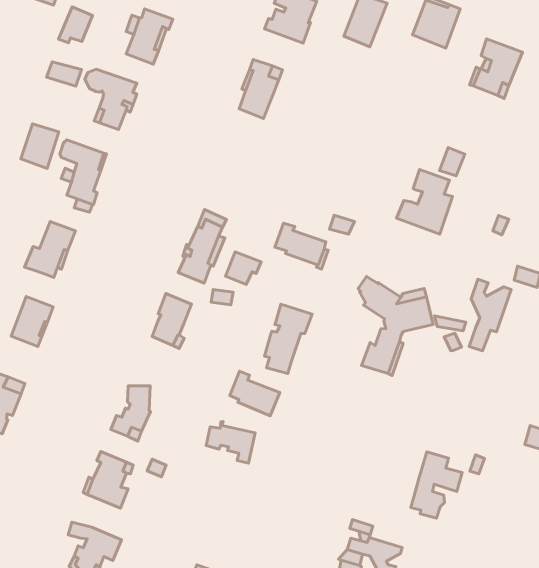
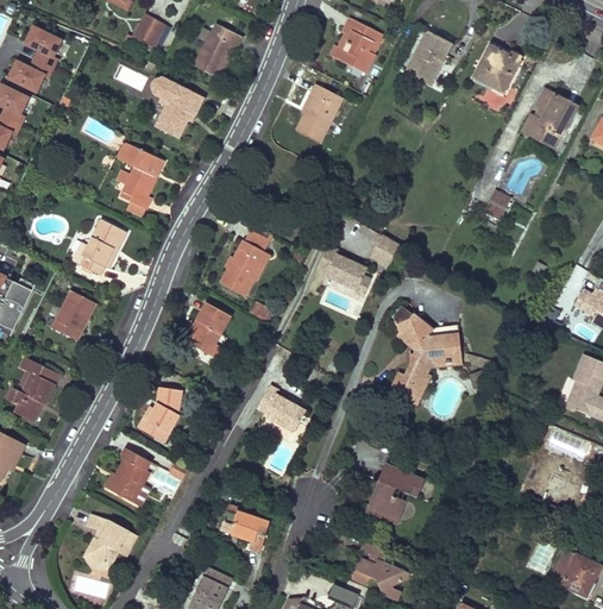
building: [21,124,59,168] -> none
building: [397,170,453,234] -> none
building: [226,252,261,284] -> none
building: [469,279,511,351] -> none
building: [265,304,312,373] -> none
building: [206,422,255,463] -> [220,508,269,551]
building: [411,452,462,518] -> [370,456,423,521]

